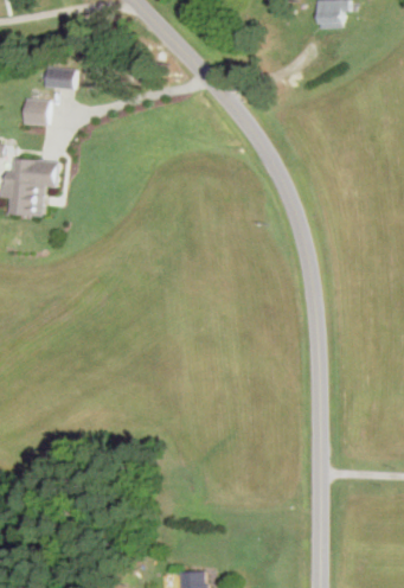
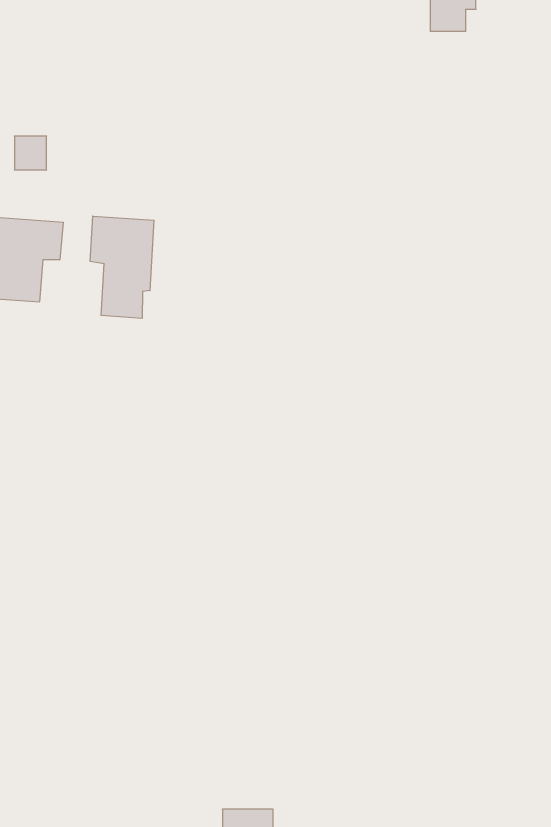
building: [44,68,72,87] -> none
building: none -> [90,216,154,318]

